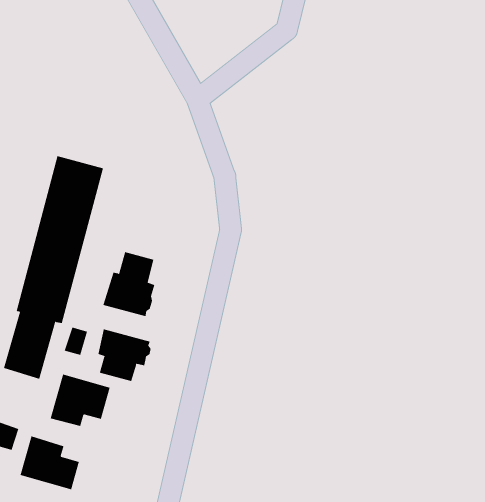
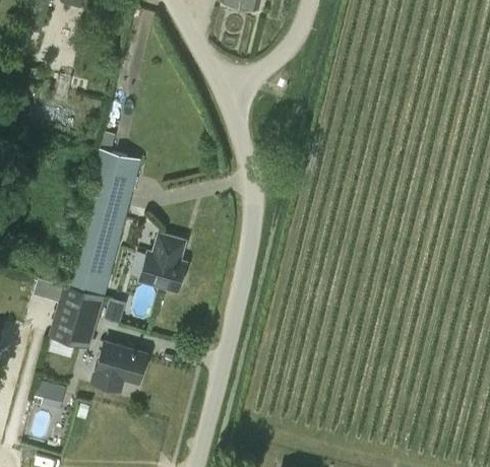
building: [98,328,151,382] -> none
building: [20,436,80,490] -> none

